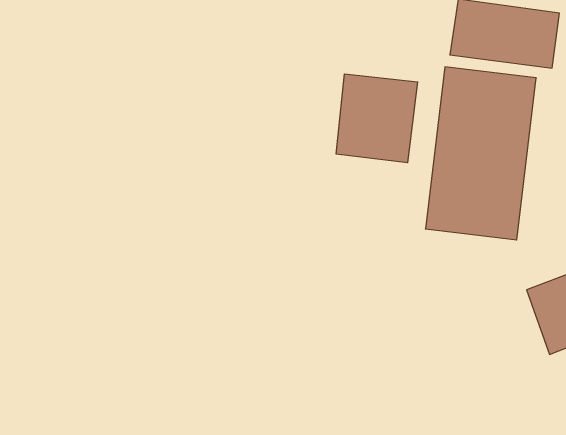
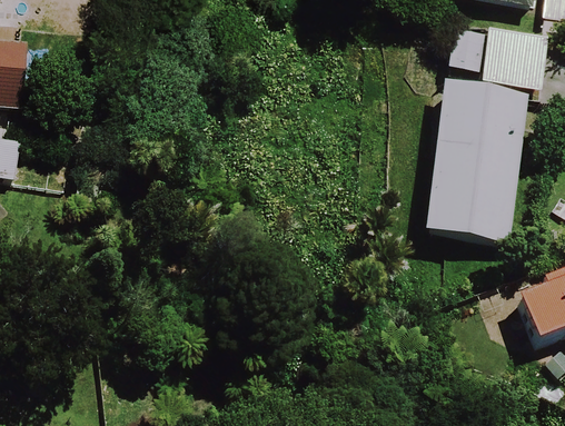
building: [336,74,418,163] -> none

